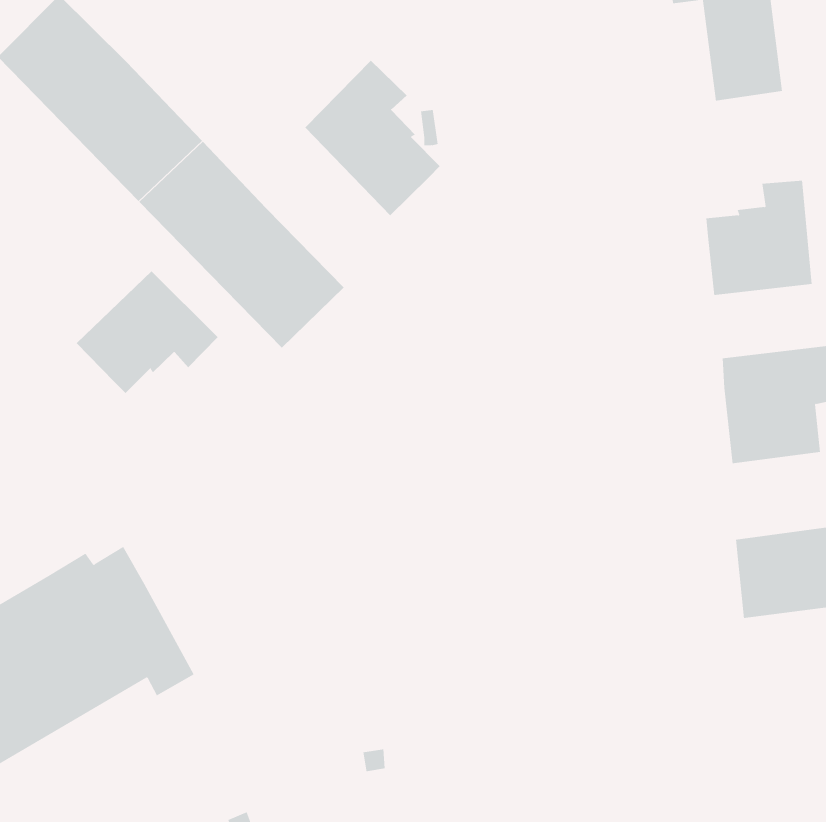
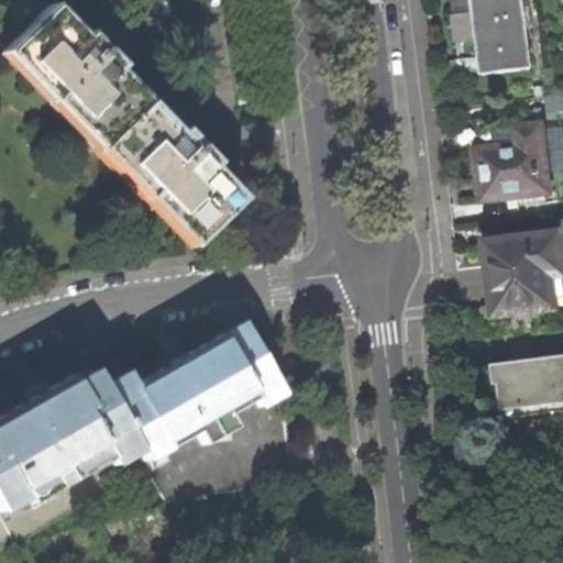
building: [304,60,441,216] -> none
building: [76,271,219,394] -> none
building: none -> [106,318,280,457]

